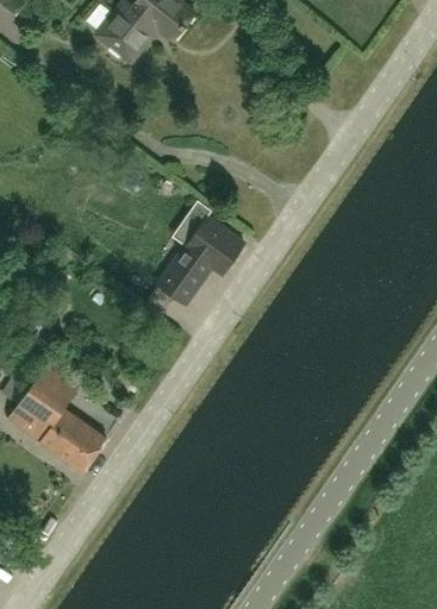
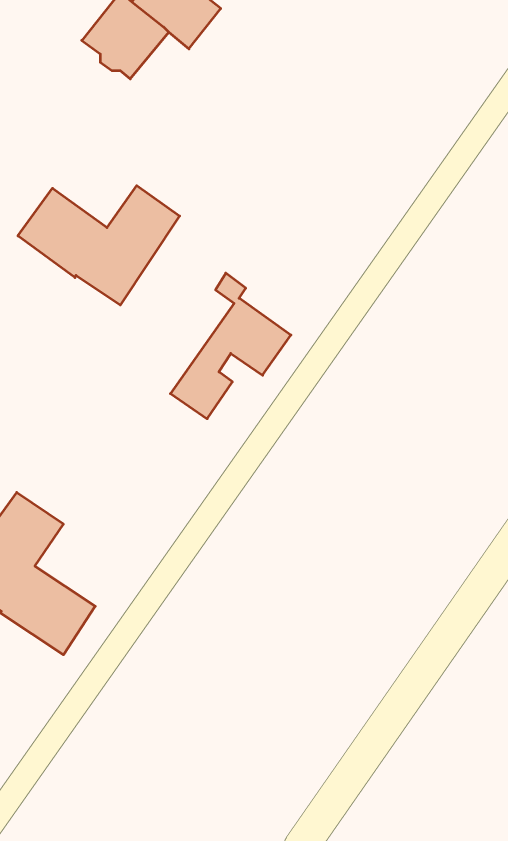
building: none -> [18,186,180,305]

